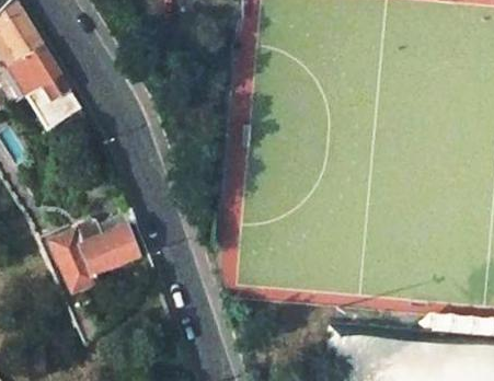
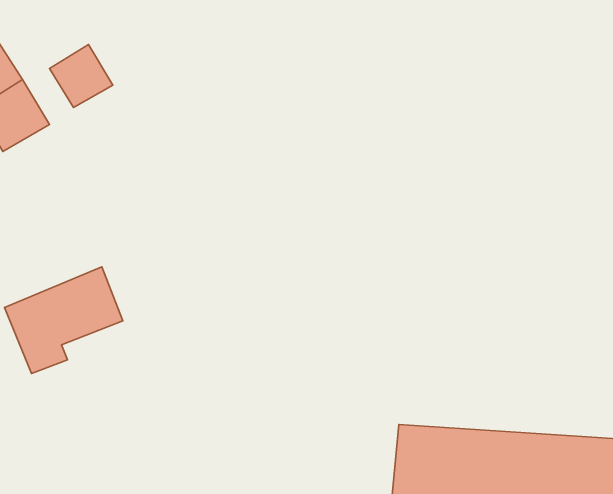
building: none -> [50,45,113,107]

